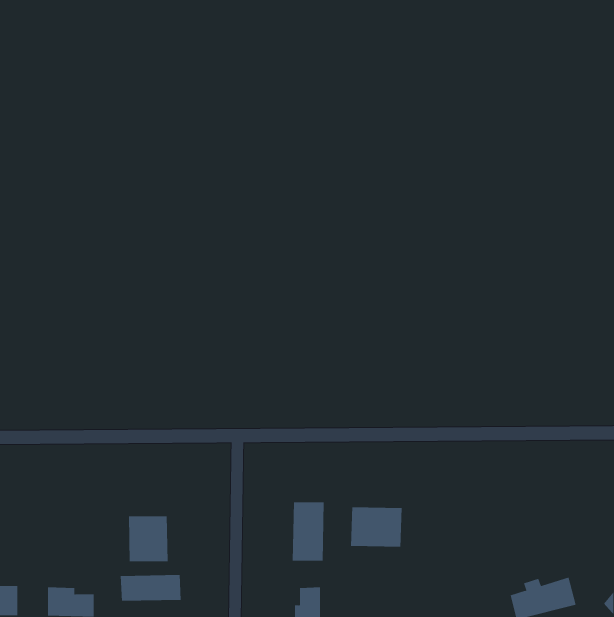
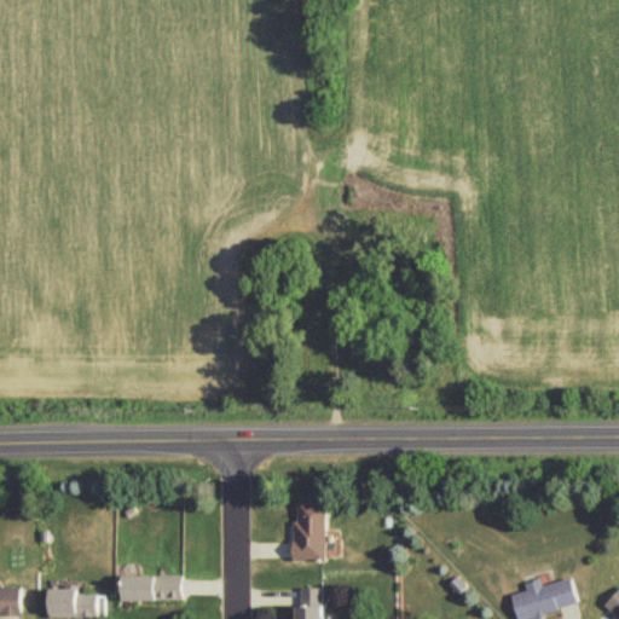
building: [350,507,402,548] -> none
building: [128,515,168,562] -> none

